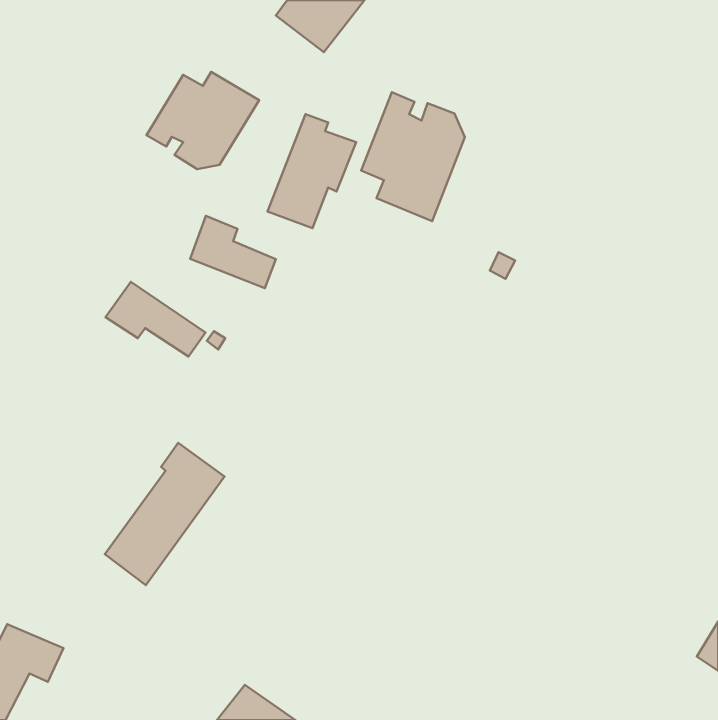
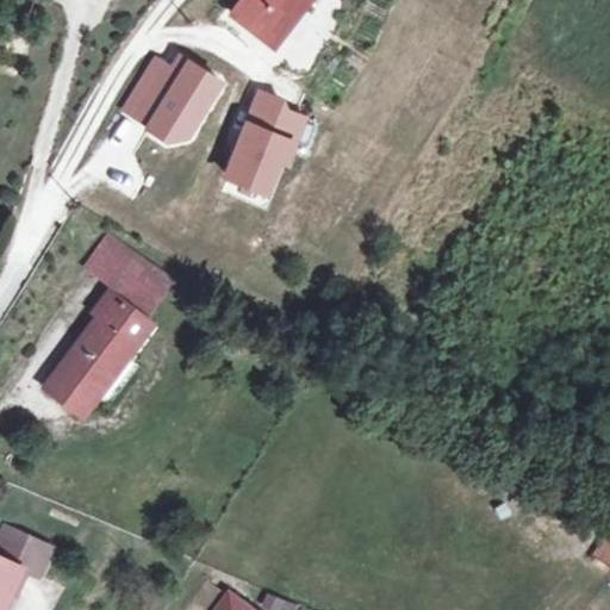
building: [361,92,465,221] -> none
building: [190,216,276,288] -> none
building: [105,443,225,585] -> [50,293,151,413]

